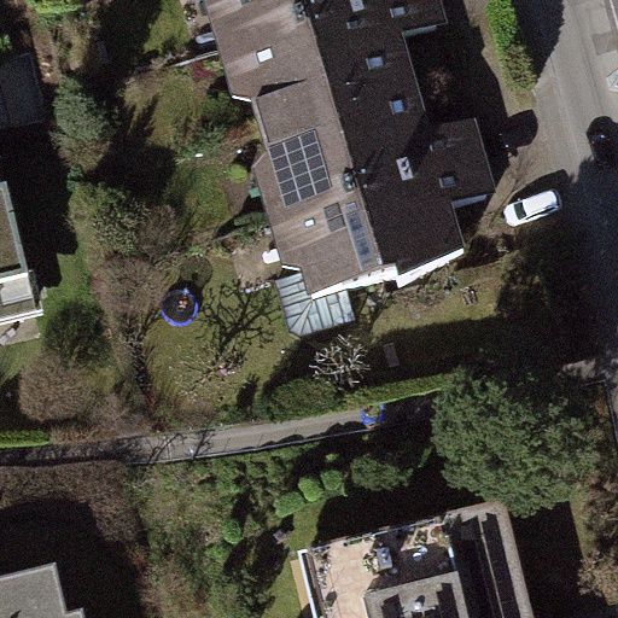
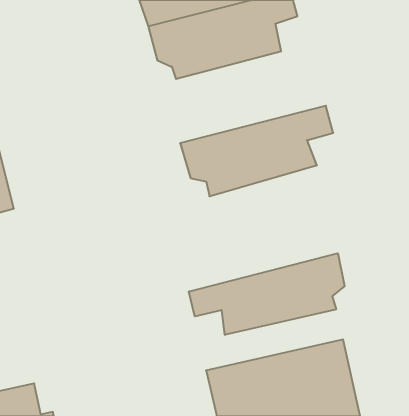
building: [253,76,483,212] -> none
building: none -> [189,253,345,335]

